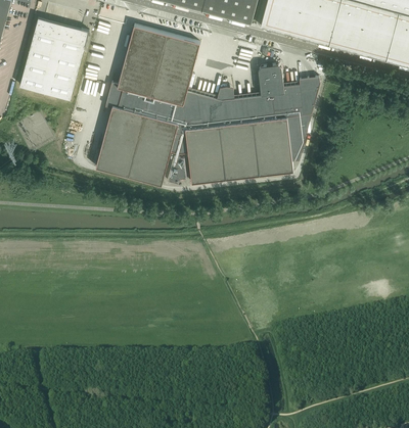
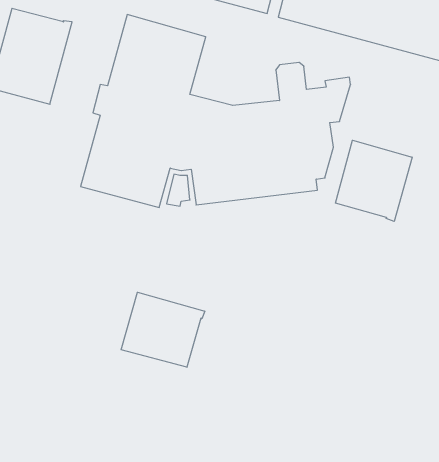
building: none -> [336,140,412,221]
building: none -> [121,292,205,367]

